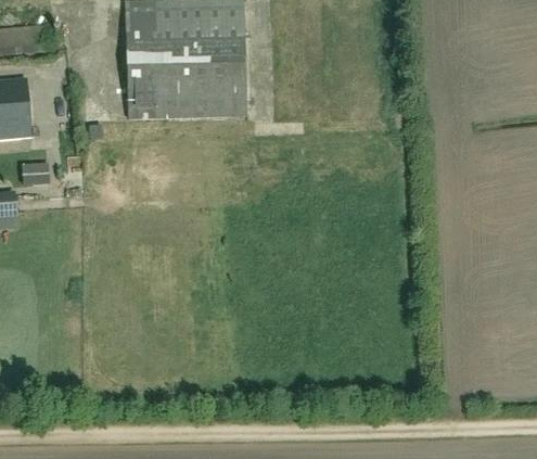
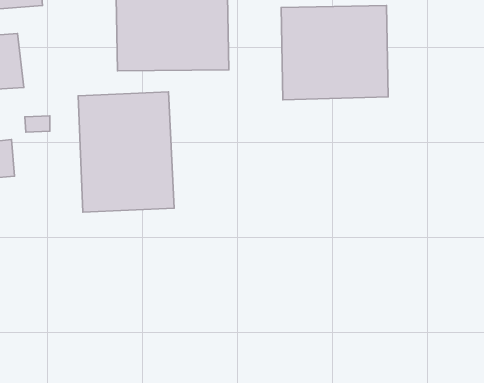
building: none -> [281,5,388,100]
building: none -> [78,92,174,212]

